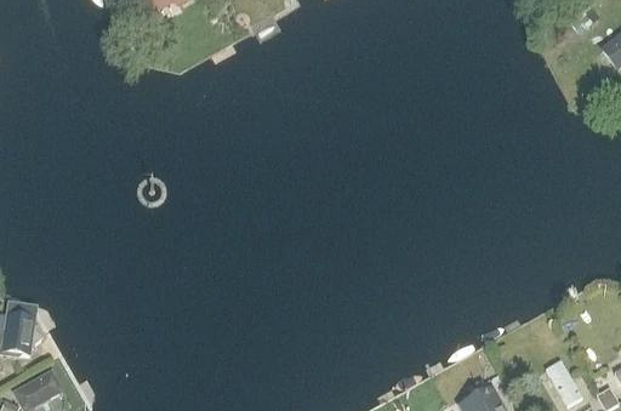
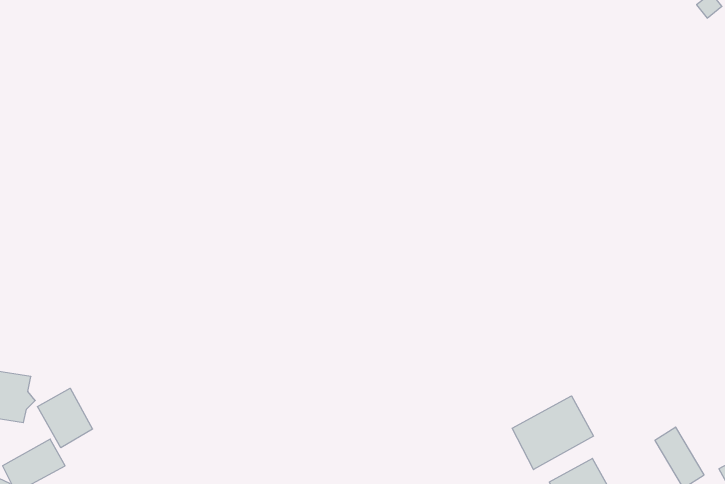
building: none -> [37,388,93,448]
building: none -> [512,396,593,470]

